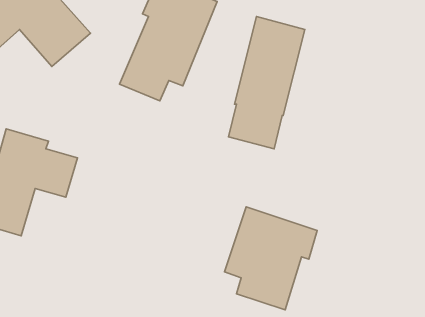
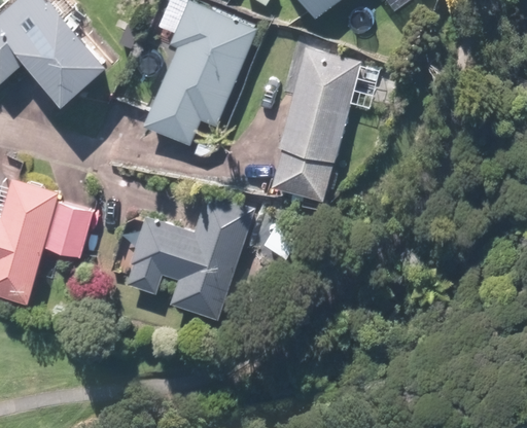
building: none -> [126,193,254,320]
building: [224,207,317,310] -> none

